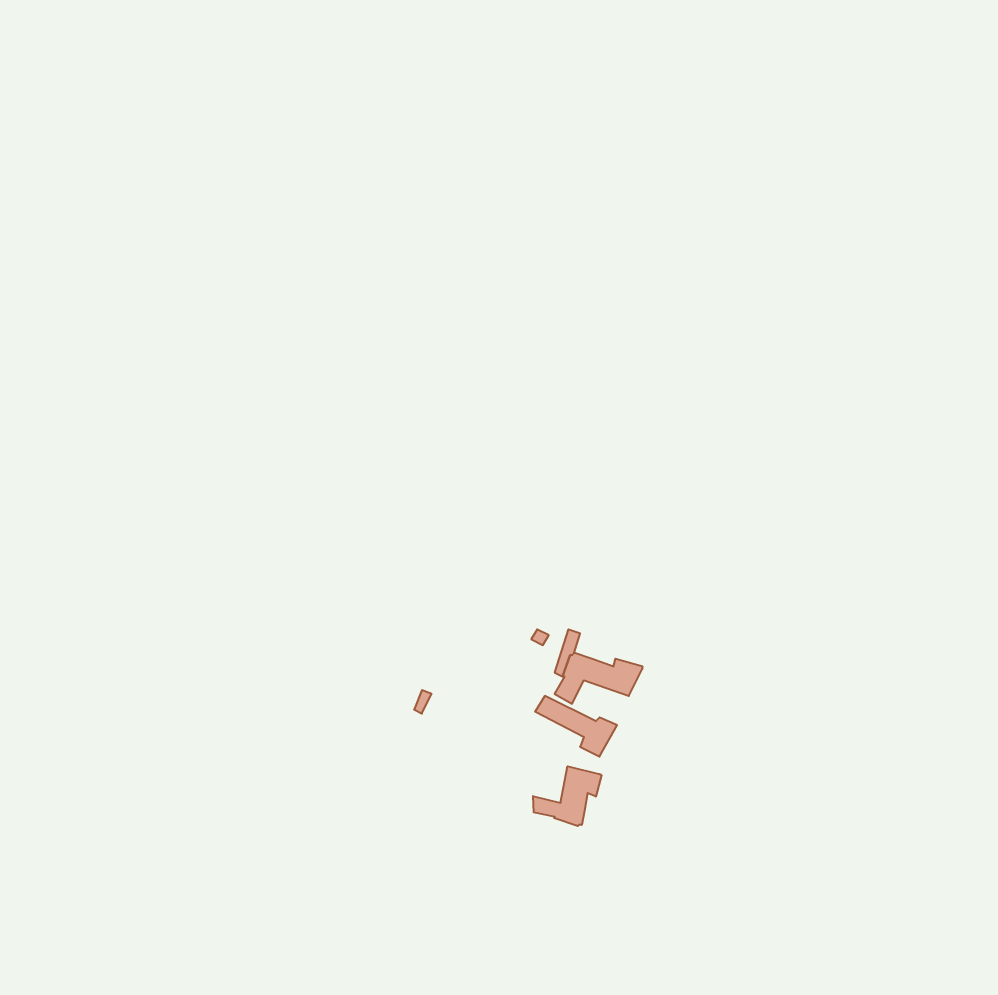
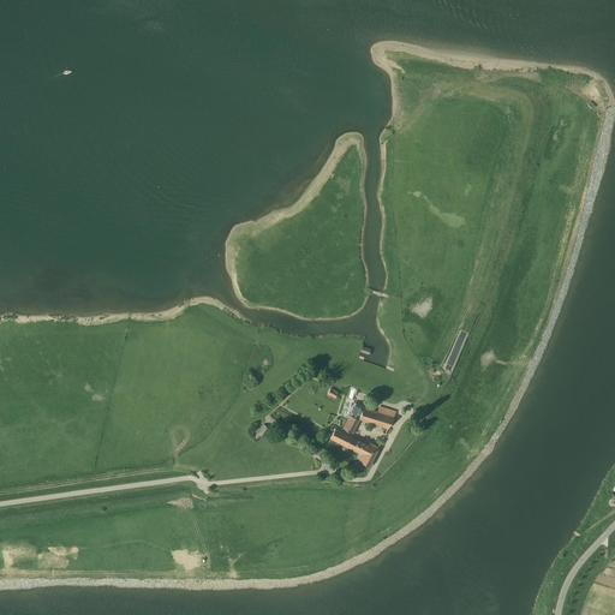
building: [533,766,602,826] -> none

